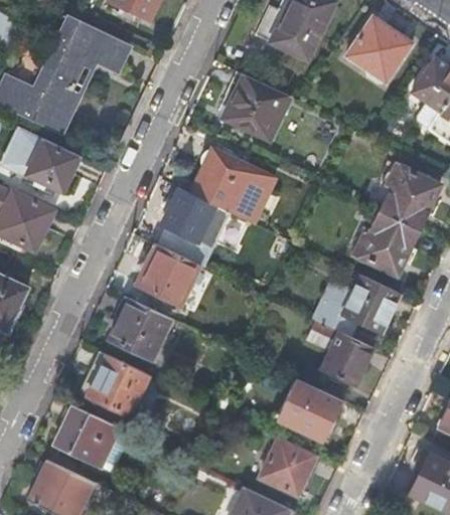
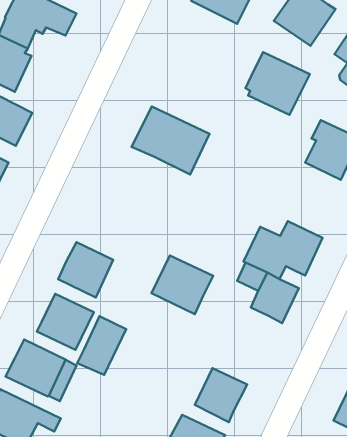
building: [219,71,290,140] -> [246,52,310,115]
building: [162,189,215,242] -> none
building: [354,211,420,276] -> none
building: [135,244,201,307] -> none
building: [276,378,343,443] -> [152,255,213,314]
building: none -> [77,316,126,375]

